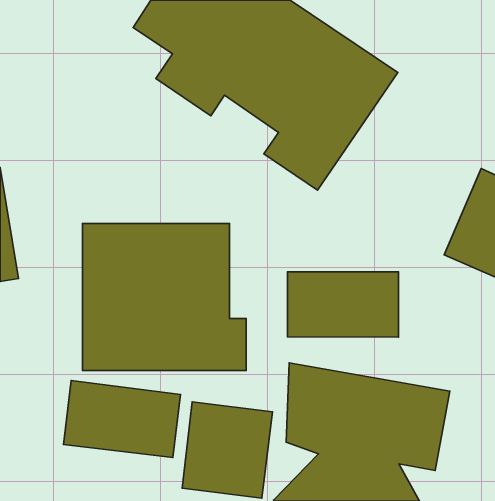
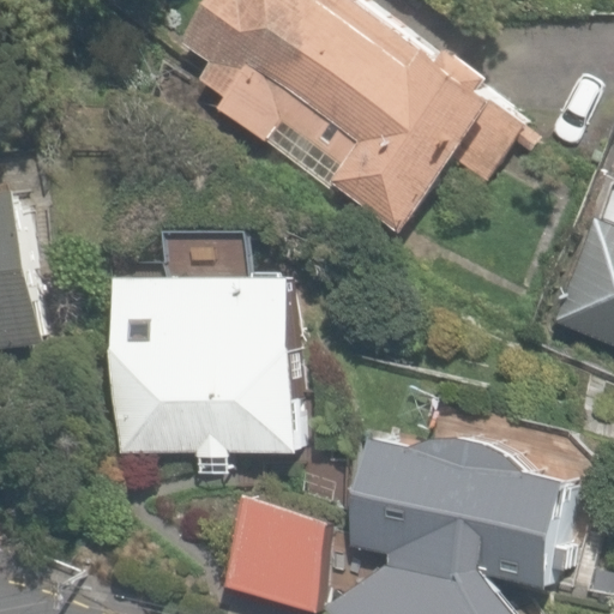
building: [287,272,399,337] -> none
building: [63,381,180,458] -> none

